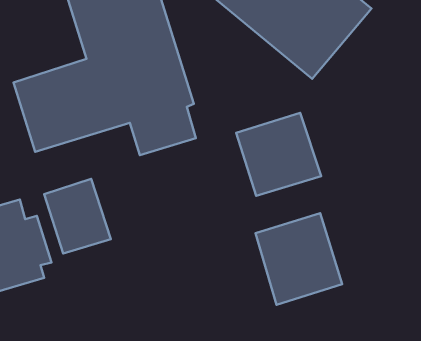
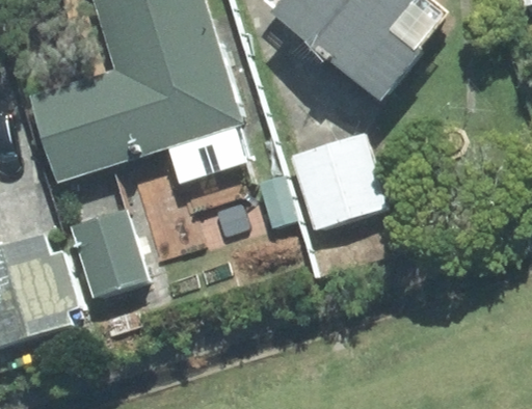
building: [255,213,342,305] -> none

